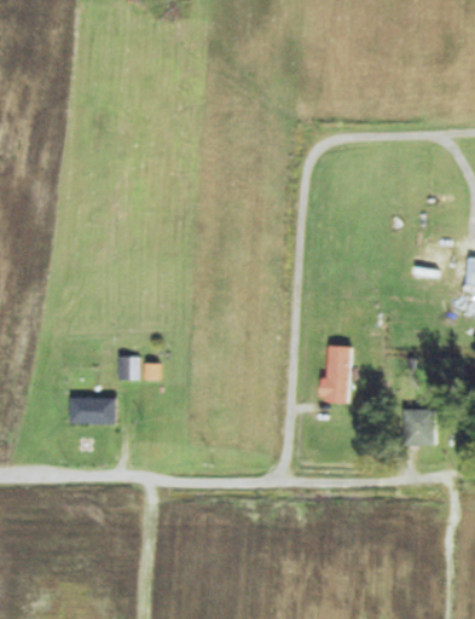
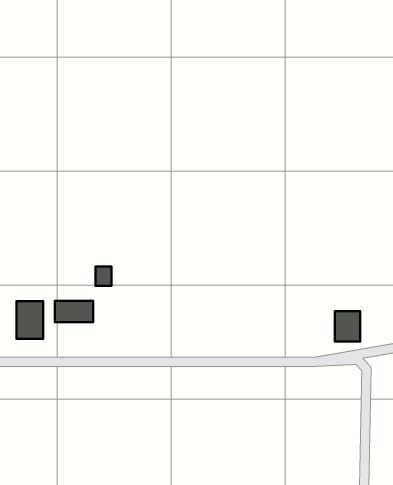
building: [325,346,348,403] -> none
building: none -> [16,301,43,339]

